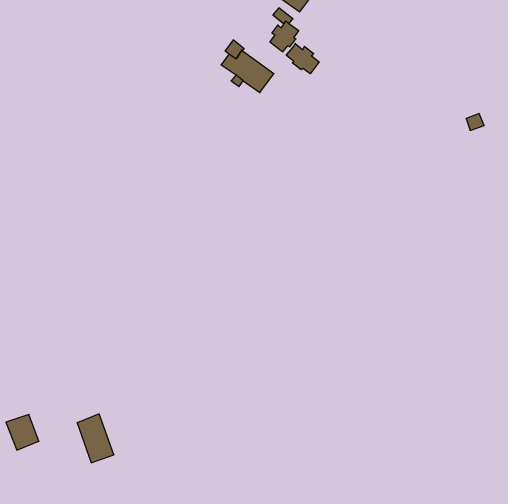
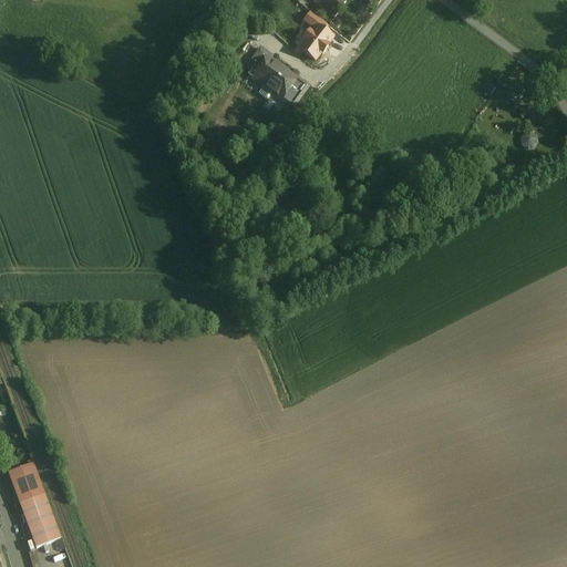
building: [286,43,319,74] -> none
building: [77,414,114,463] -> [19,491,60,545]

